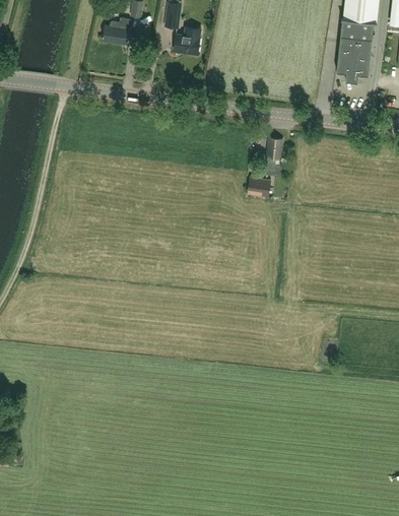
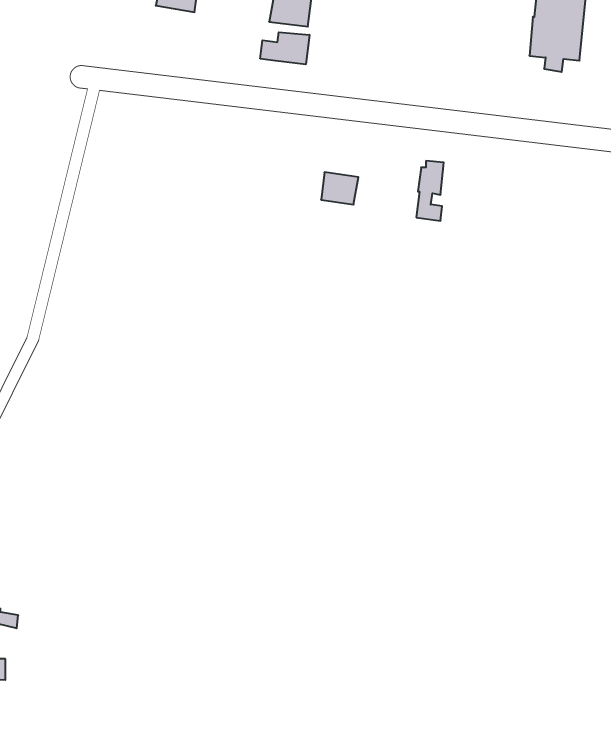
building: none -> [260,32,309,64]
building: [247,177,270,197] -> [321,172,358,205]

